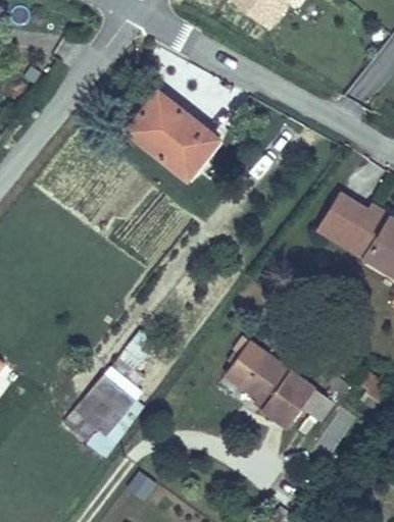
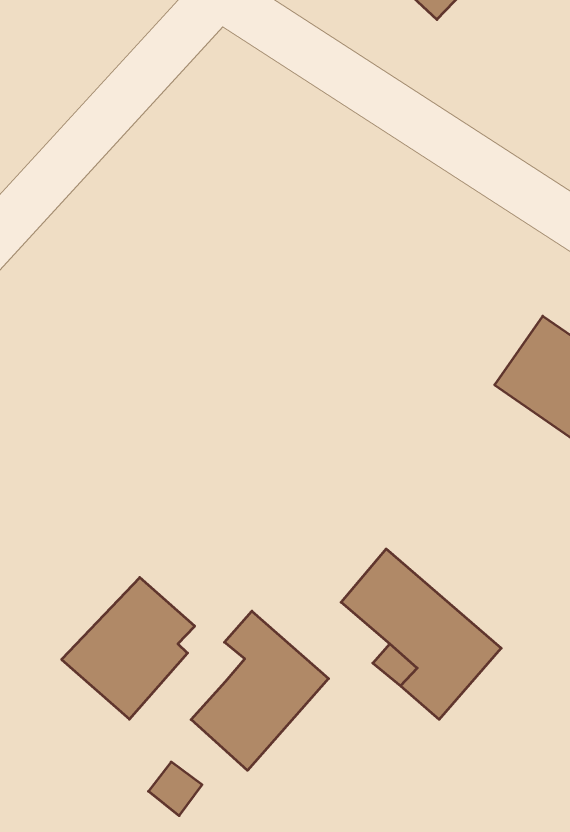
building: [128,80,224,166] -> none
building: none -> [191,611,329,770]

